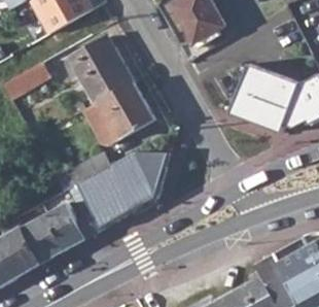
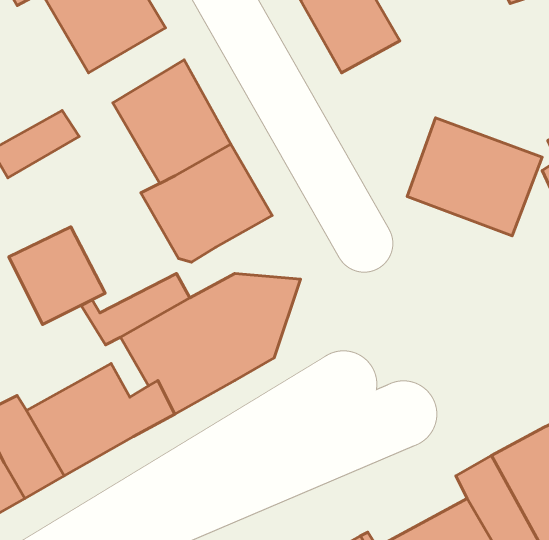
building: none -> [9,227,105,325]

